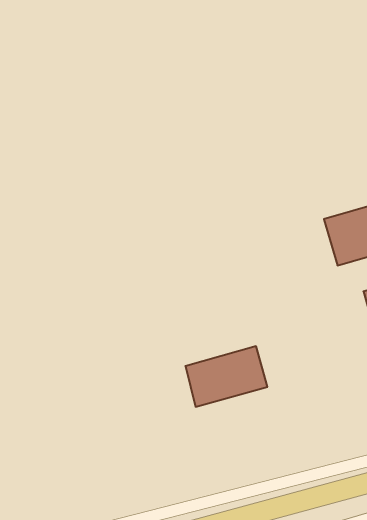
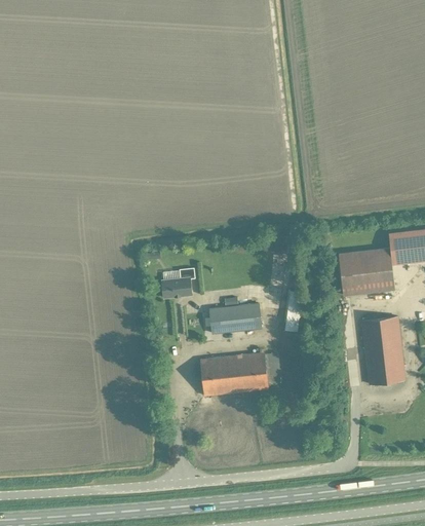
building: none -> [162,267,195,297]
building: none -> [209,303,262,333]

